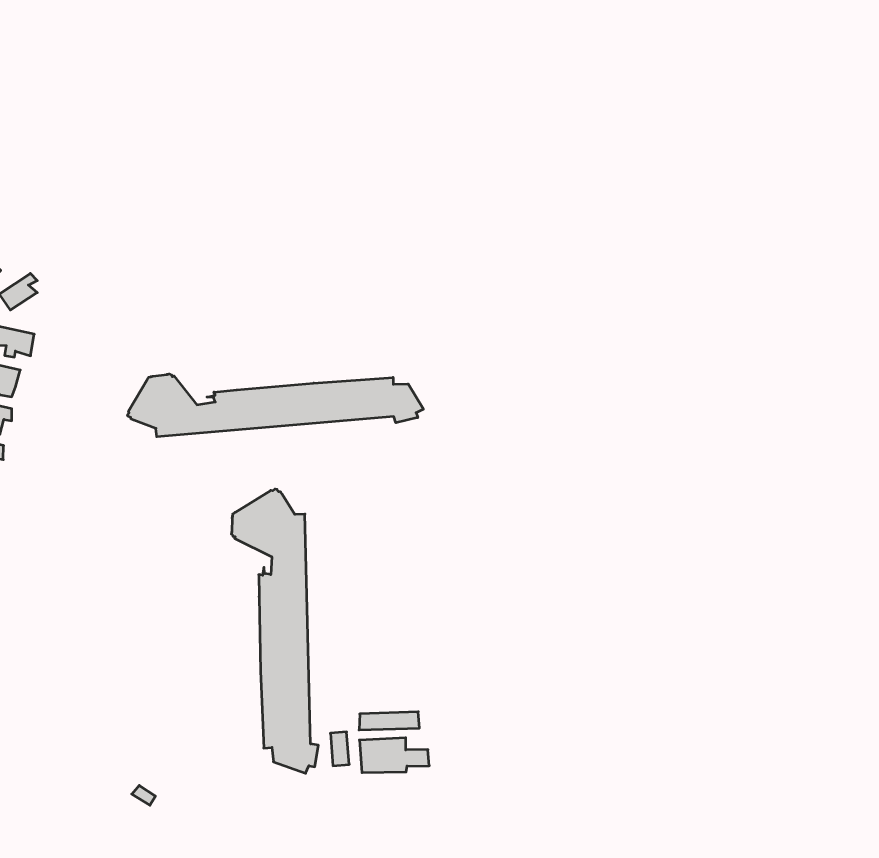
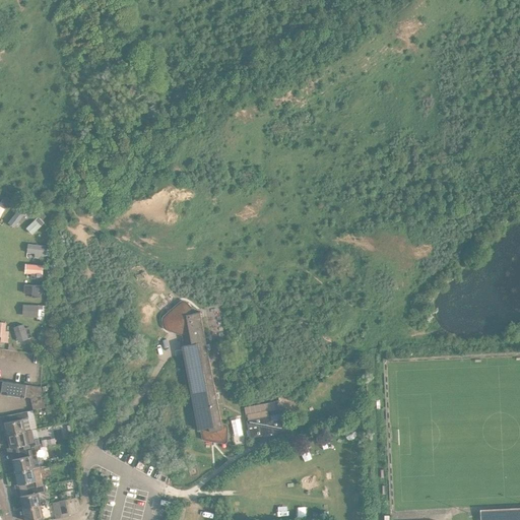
building: [128,374,423,437] -> none

